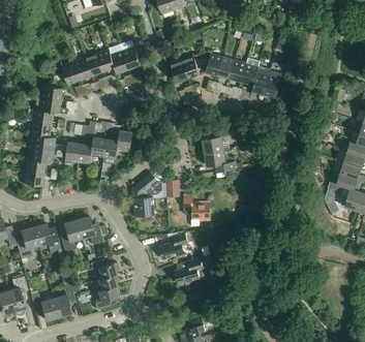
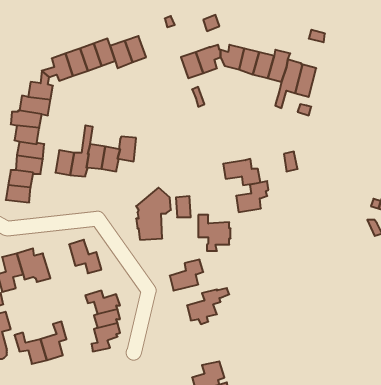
building: [203,127,230,153] -> [236,181,268,212]
building: [61,220,82,251] -> none

